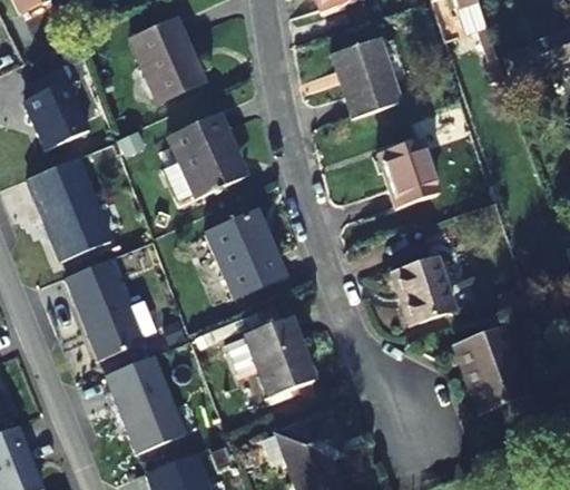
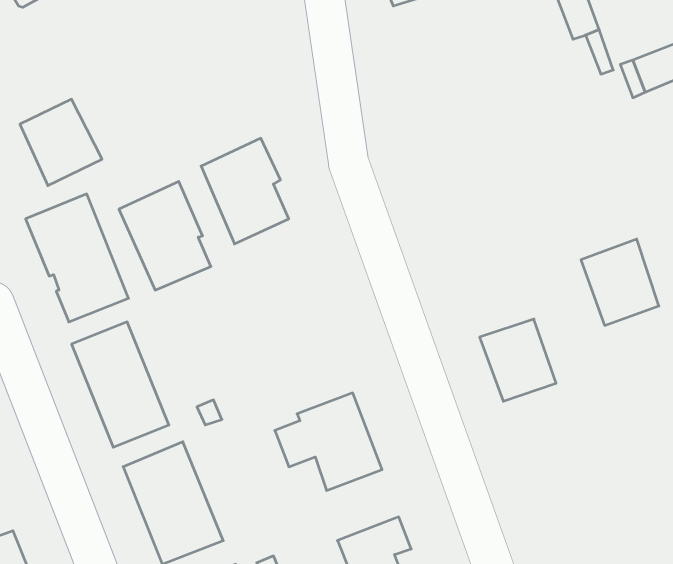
building: [131,20,203,100] -> none
building: [332,38,399,115] -> none
building: [376,137,439,206] -> [581,239,659,325]
building: [205,209,278,296] -> [119,181,211,290]
building: [453,327,528,409] -> none

